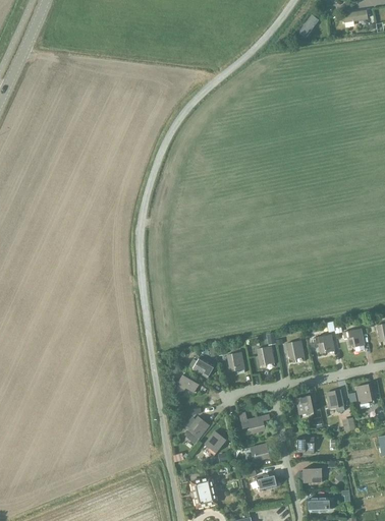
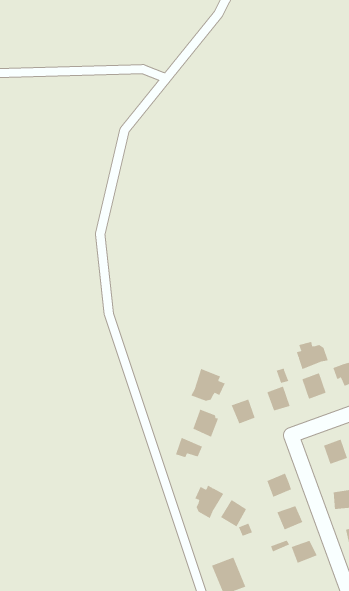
building: none -> [296,341,328,370]
building: none -> [190,368,226,402]

